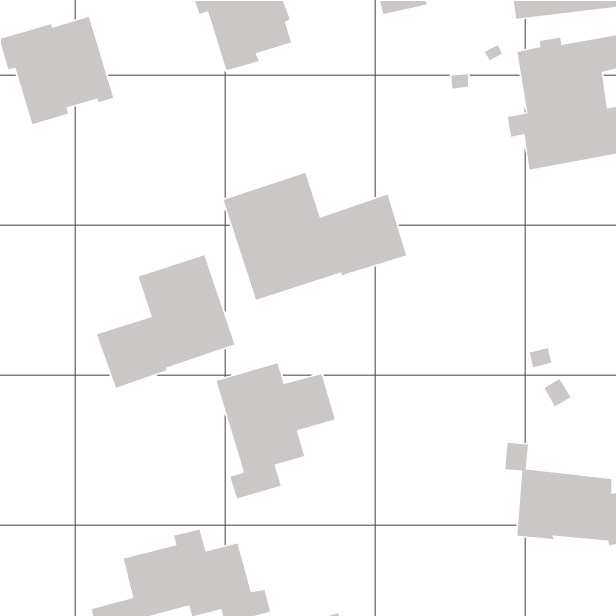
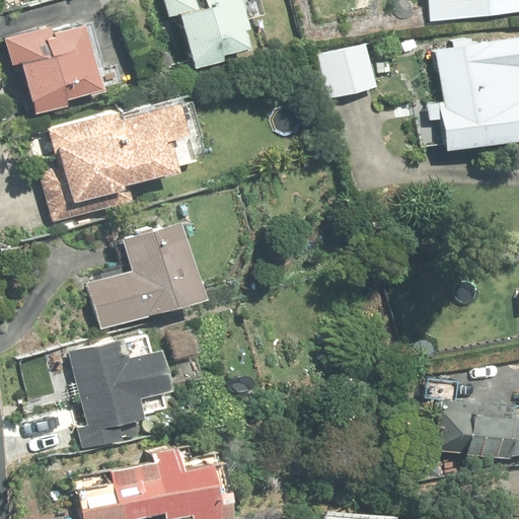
building: none -> [323,47,381,104]
building: none -> [42,98,188,225]
building: [223,172,407,301] -> none
building: [216,362,336,500] -> [70,338,169,451]

